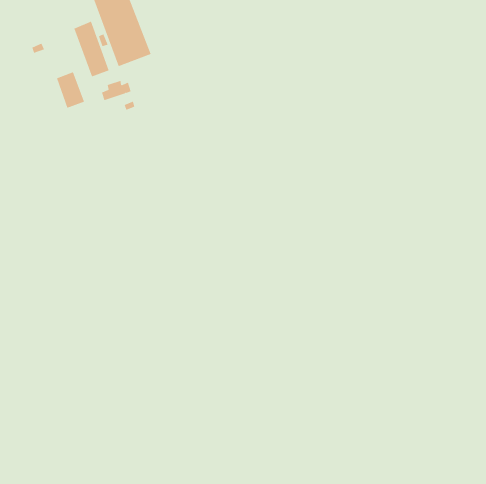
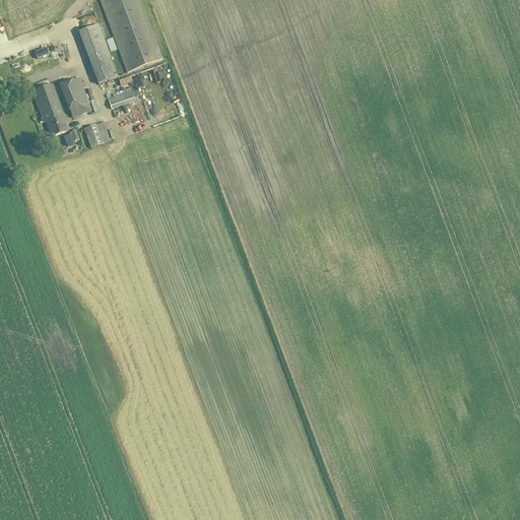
building: none -> [31,82,67,135]
building: none -> [83,120,110,146]

